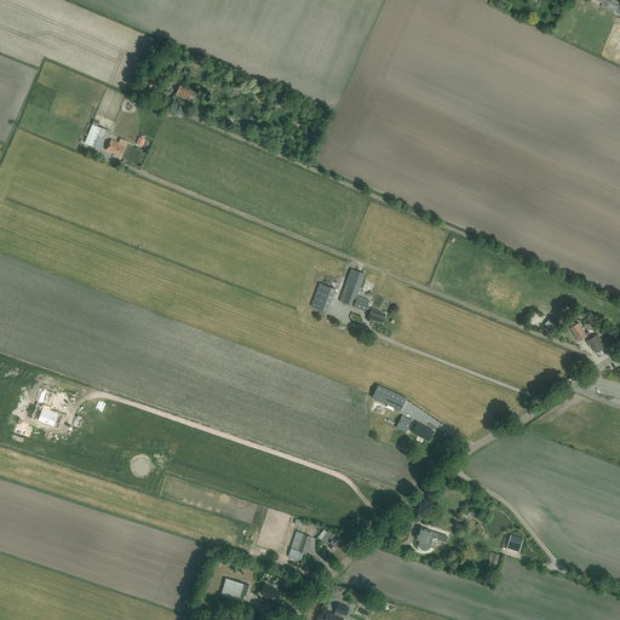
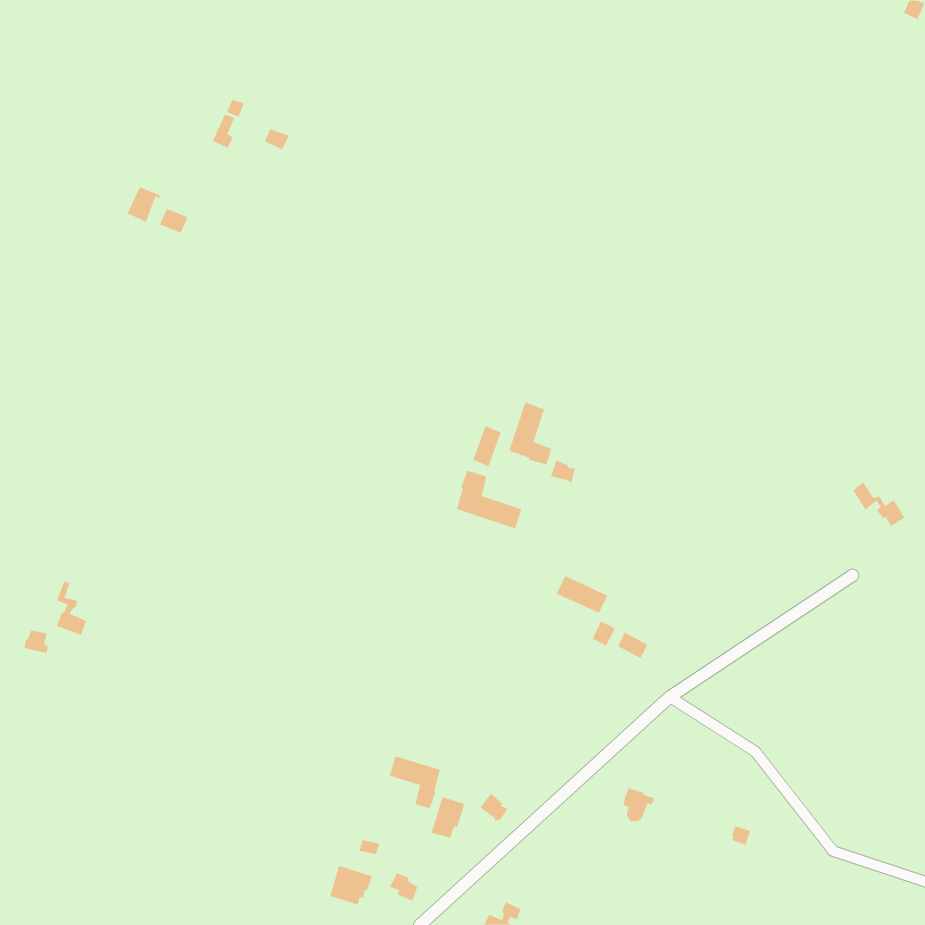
building: none -> [456,470,522,529]
building: none -> [389,756,441,809]

